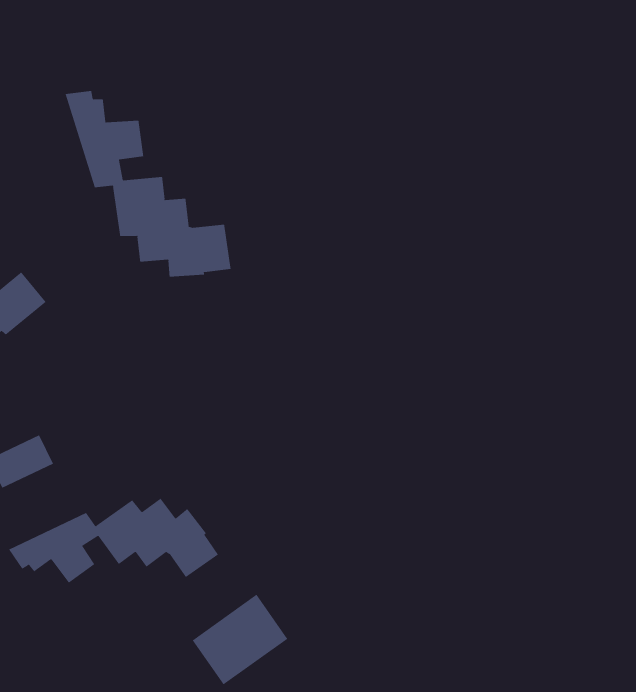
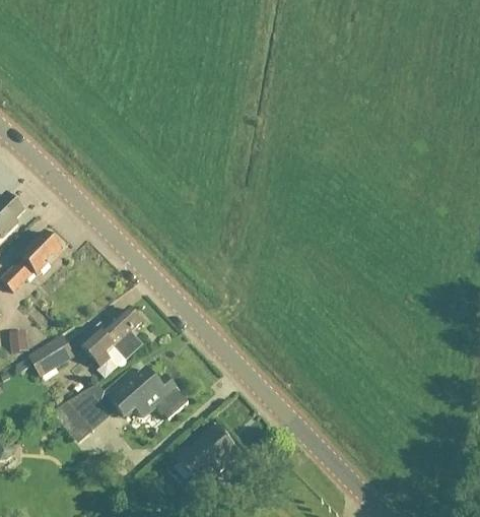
building: [65,90,231,278] -> none
building: none -> [79,308,141,362]

